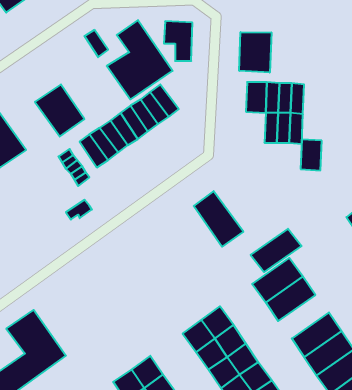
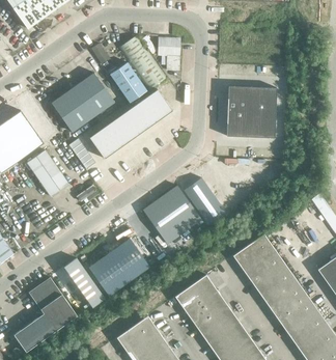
building: [239,32,271,73] -> none
building: none -> [73,73,114,117]
building: [301,139,322,170] -> [226,111,244,137]
building: none -> [28,149,71,197]
building: none -> [140,187,198,245]
building: [251,229,302,272] -> [254,265,297,301]
building: none -> [88,238,149,296]
building: none -> [63,258,105,307]

